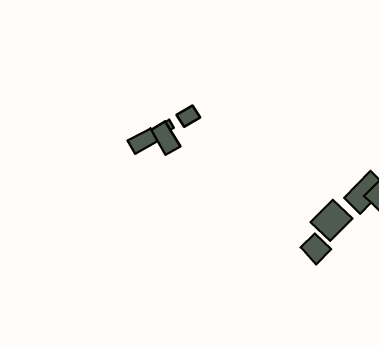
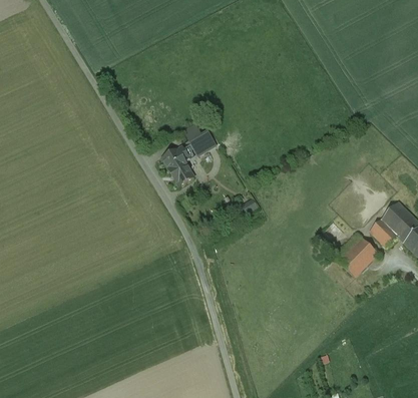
building: [128,128,157,154] -> none
building: [300,233,331,264] -> none

